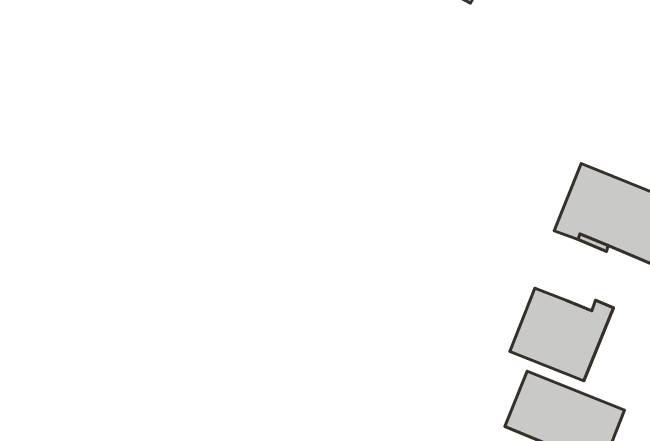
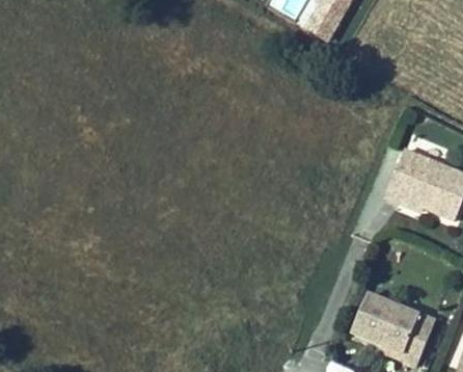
building: [510,288,613,381] -> none

